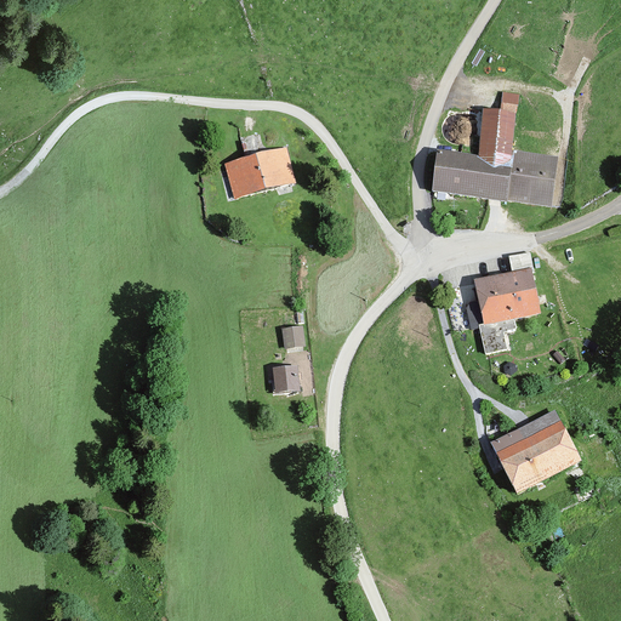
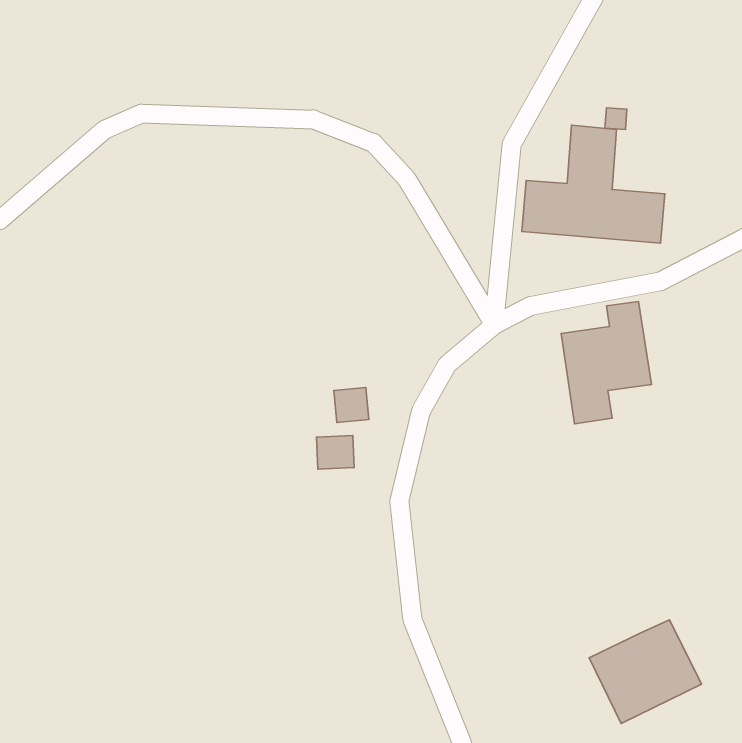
building: [223,146,292,199] -> none
building: [485,409,579,495] -> [589,620,701,723]

